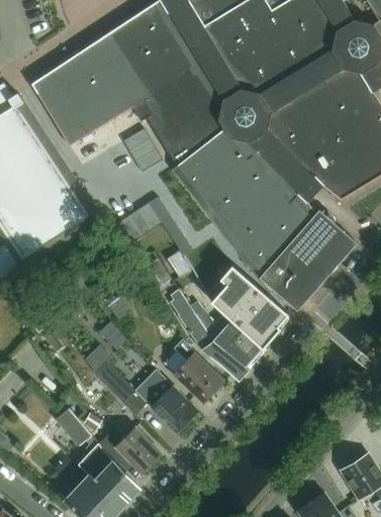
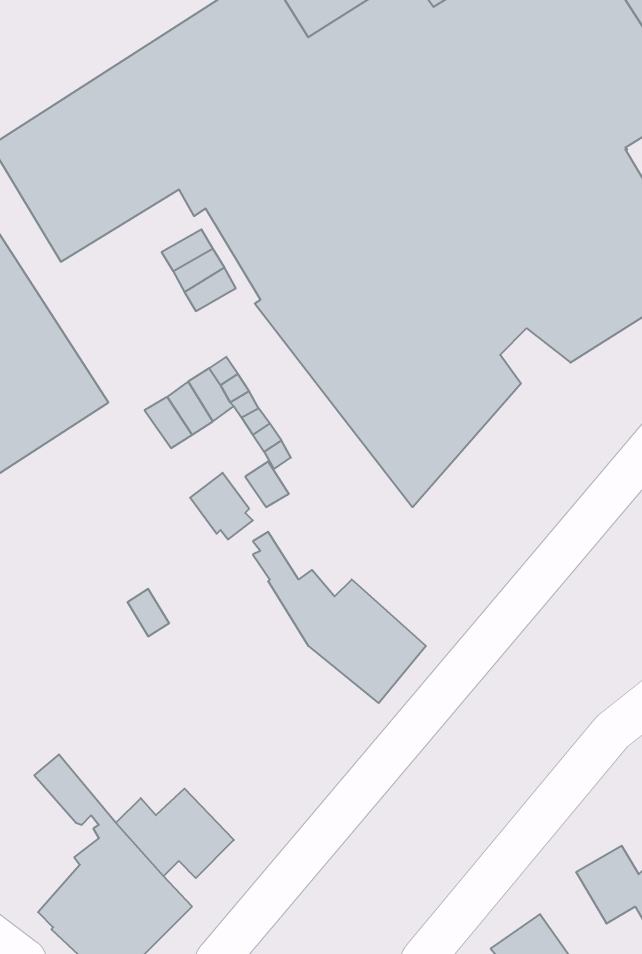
building: [257,209,356,310] -> none
building: [206,267,289,347] -> none
building: [172,338,224,403] -> none
building: [93,359,197,432] -> none

